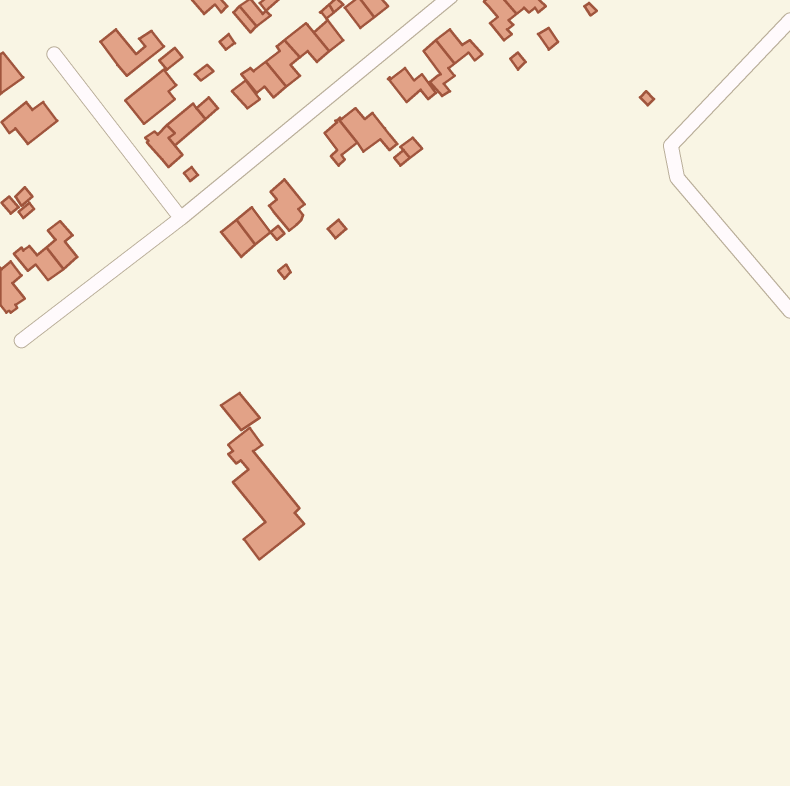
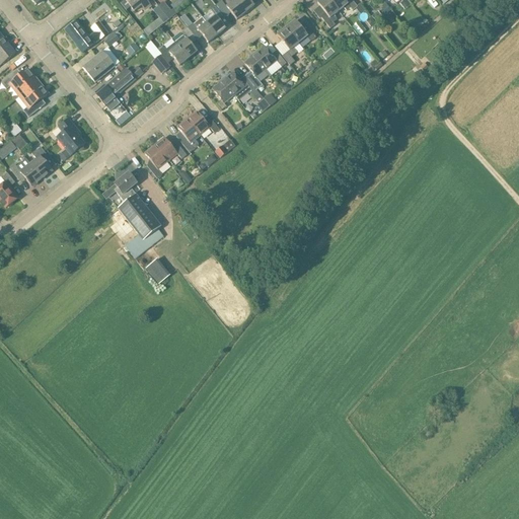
building: none -> [244,52,267,88]
building: none -> [18,79,48,116]
building: none -> [187,109,219,134]
building: none -> [57,118,84,158]
building: [228,428,304,559] -> [115,171,164,257]

